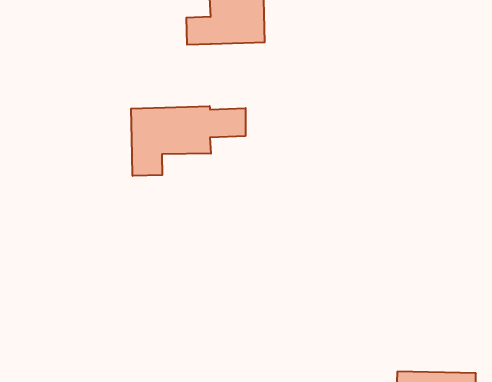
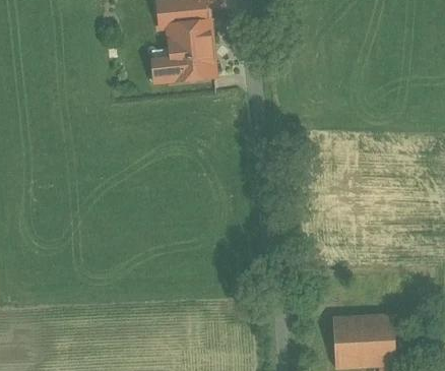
building: [131,106,246,176] -> none

